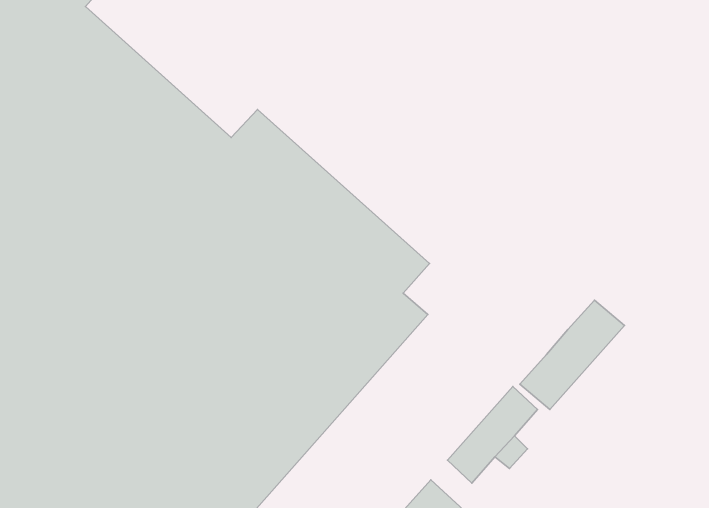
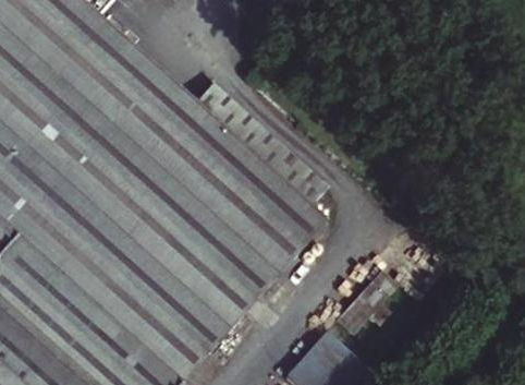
building: [520,300,624,409] -> none

